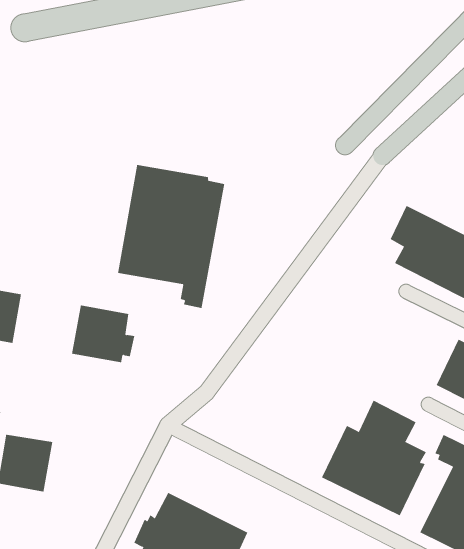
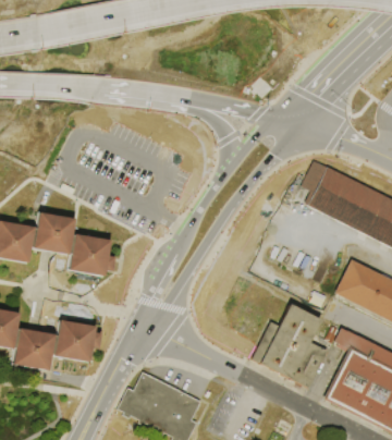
building: [117,164,225,309] -> none
building: none -> [35,212,77,255]
building: none -> [57,320,105,362]

